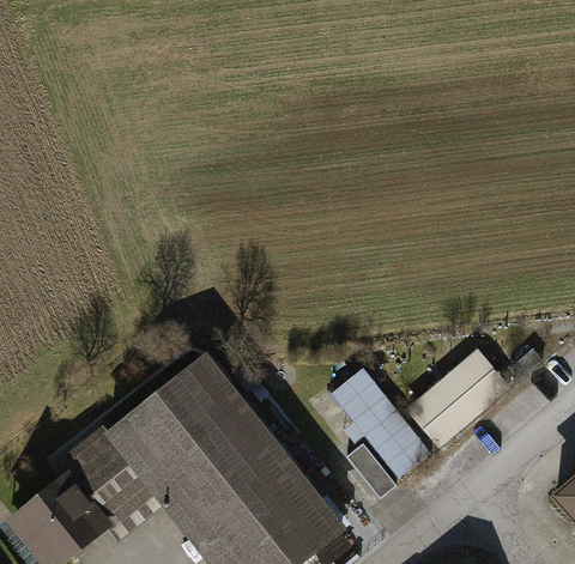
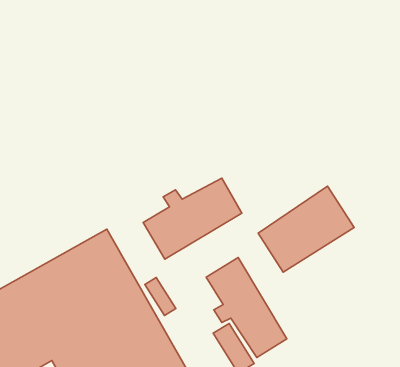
building: none -> [143,178,242,259]
building: [405,348,513,451] -> [258,186,354,272]

